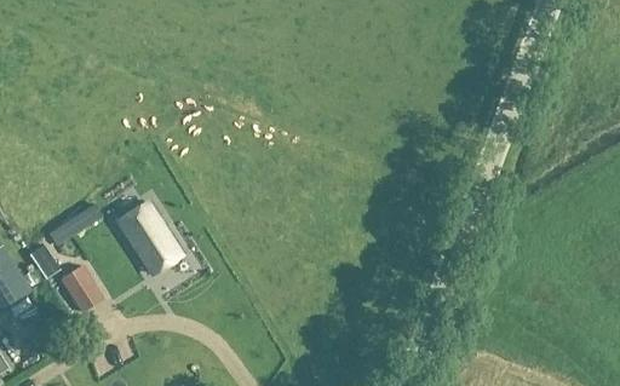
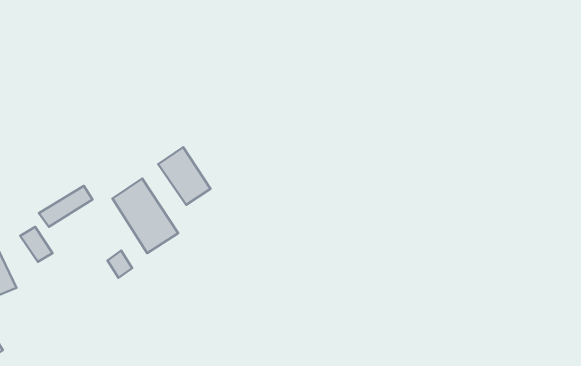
building: none -> [158,147,211,205]
building: [59,265,94,311] -> none

